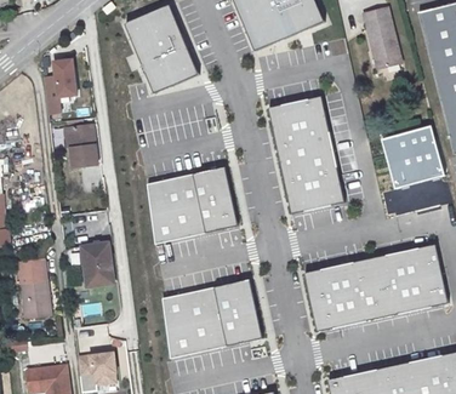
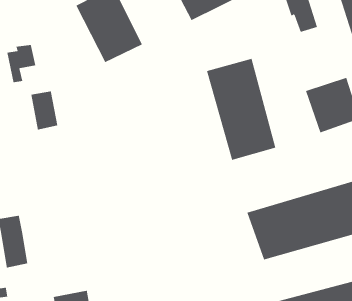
building: [147,165,236,242] -> none
building: [81,238,112,280] -> none
building: [160,279,261,358] -> none

